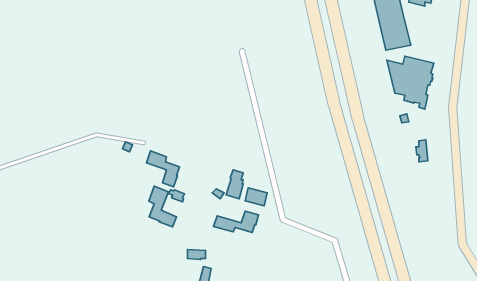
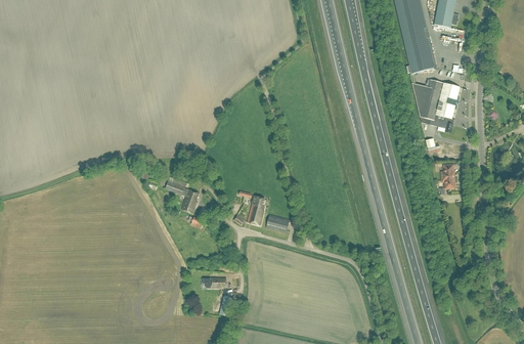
building: [149,186,176,227] -> none
building: [214,211,259,232] -> none

